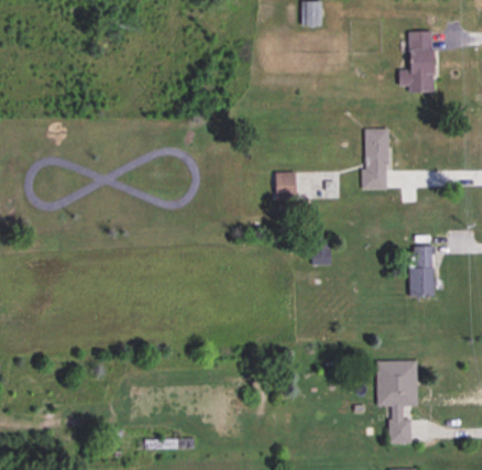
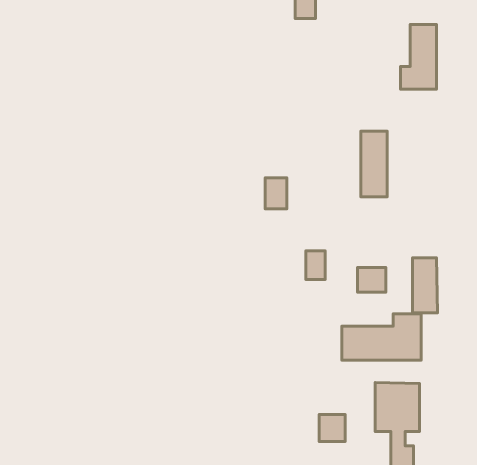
building: none -> [358,267,386,292]
building: none -> [342,314,421,360]
building: none -> [319,414,345,441]

